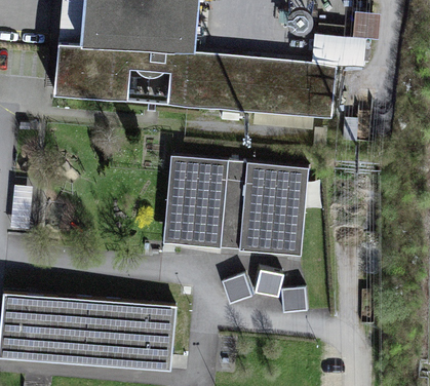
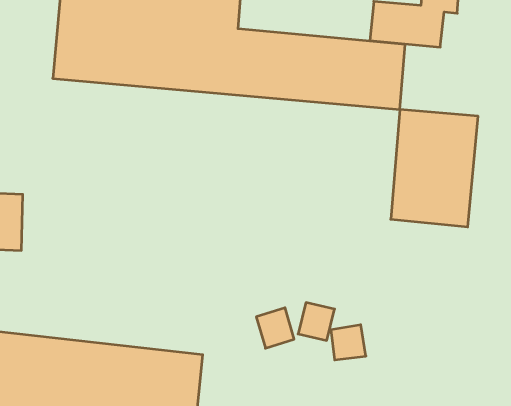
building: [157,153,229,254] -> none
building: [236,161,305,254] -> [391,110,478,227]

